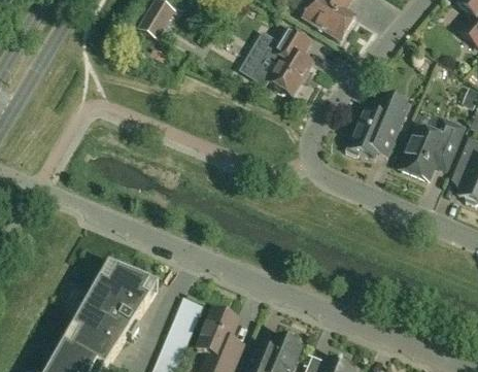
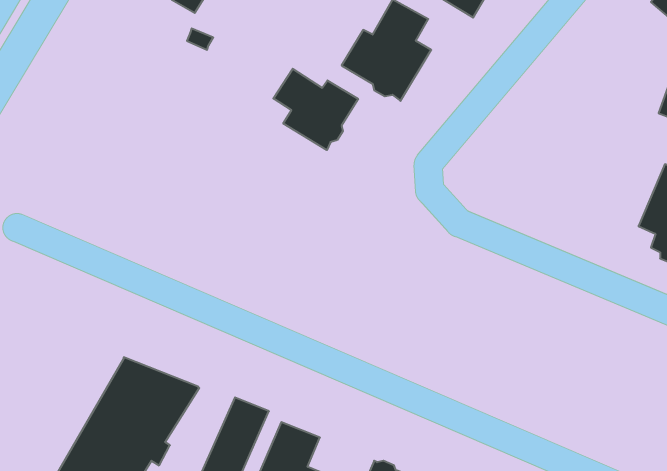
building: none -> [273,69,358,150]
building: [346,93,409,157] -> none
building: [401,116,465,179] -> none

